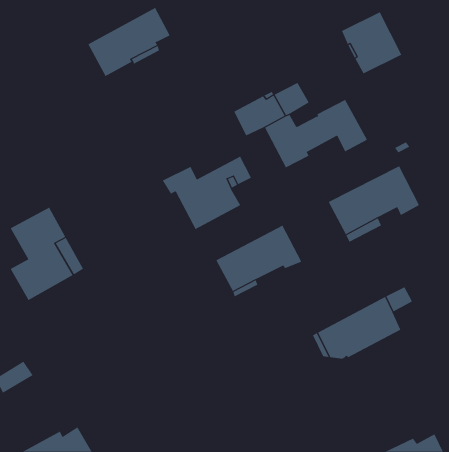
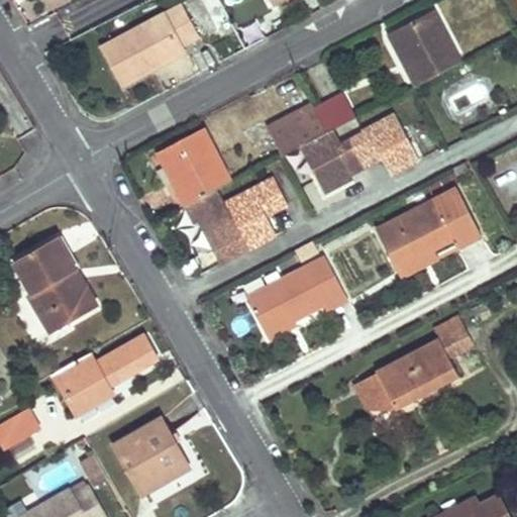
building: none -> [157,129,229,206]
building: none -> [55,338,153,415]
building: none -> [115,415,193,495]

